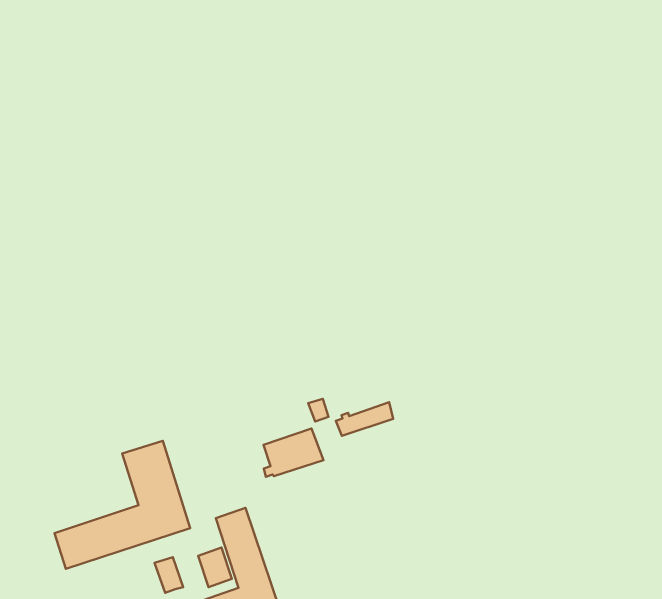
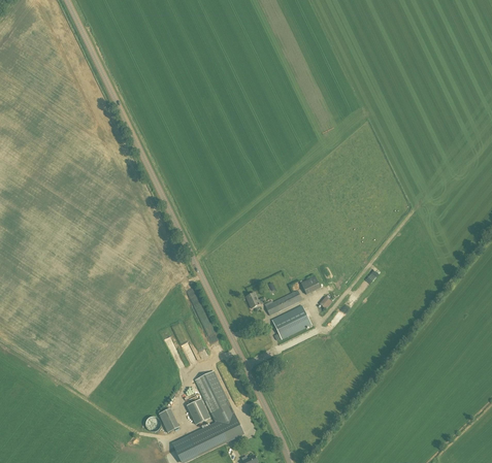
building: [264,429,323,477] -> [271,305,311,340]
building: [55,441,190,569] -> none

